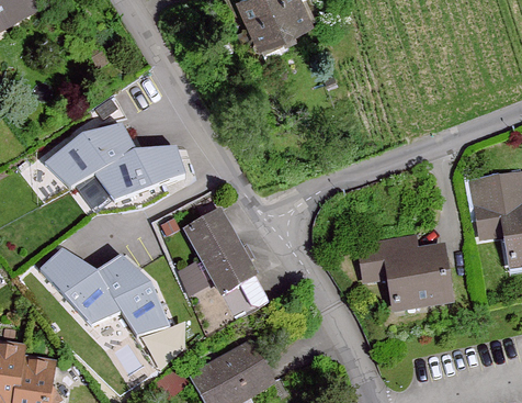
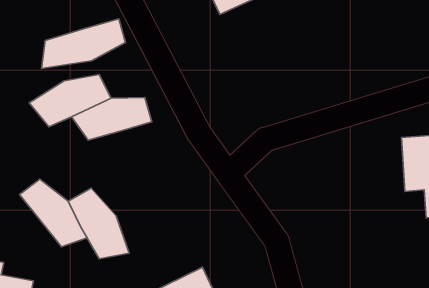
building: none -> [42,19,126,69]
building: [179,206,257,298] -> none
building: [361,235,455,307] -> none

